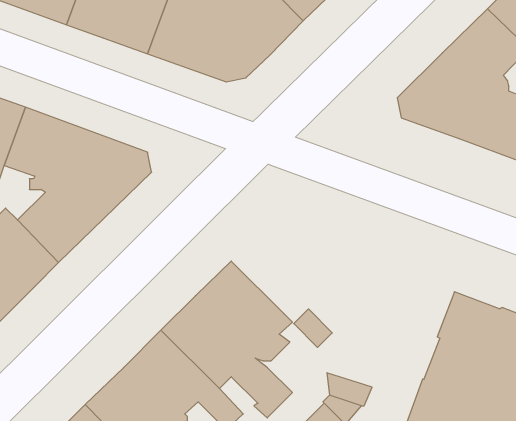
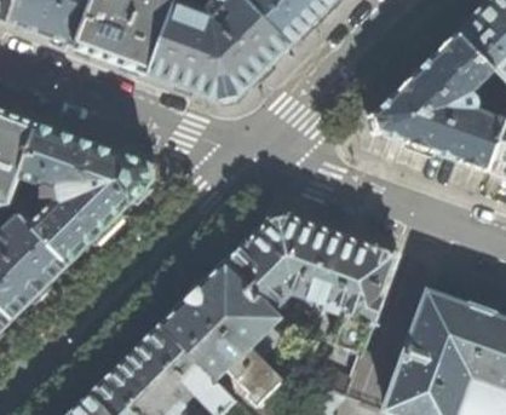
building: none -> [225,213,398,355]

